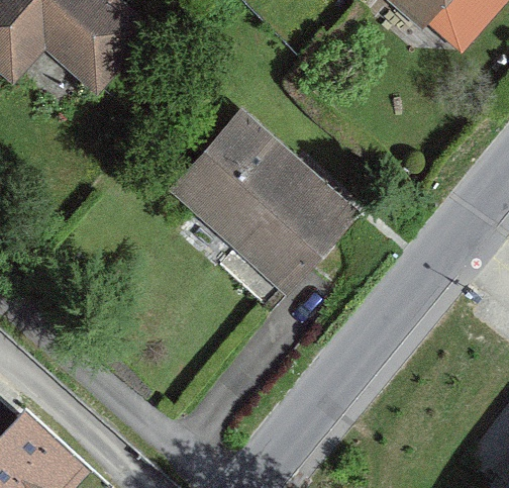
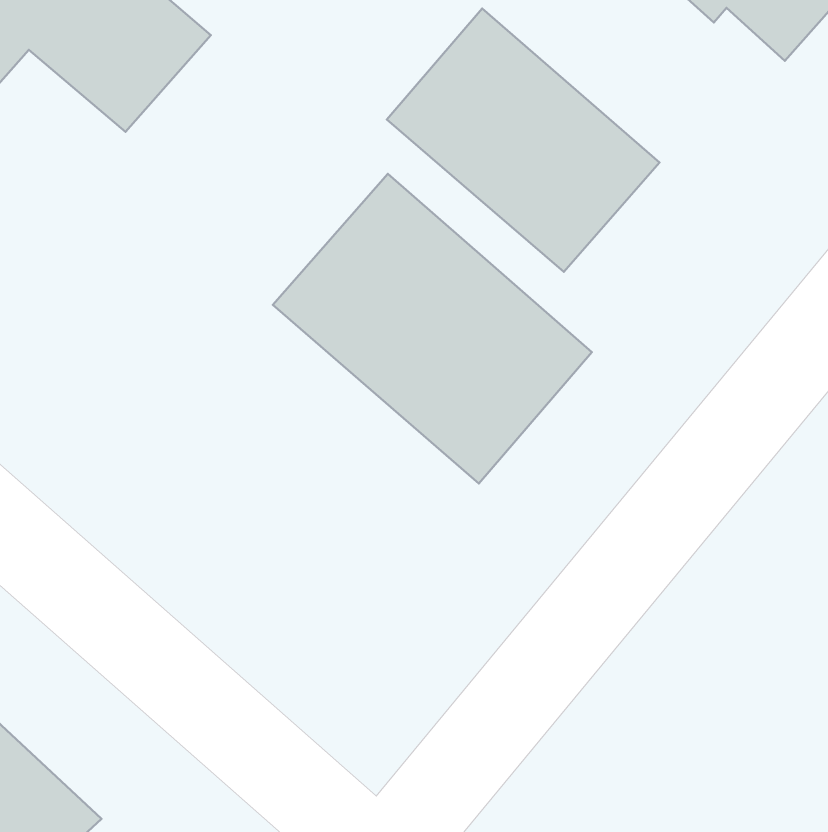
building: none -> [387,9,659,272]

